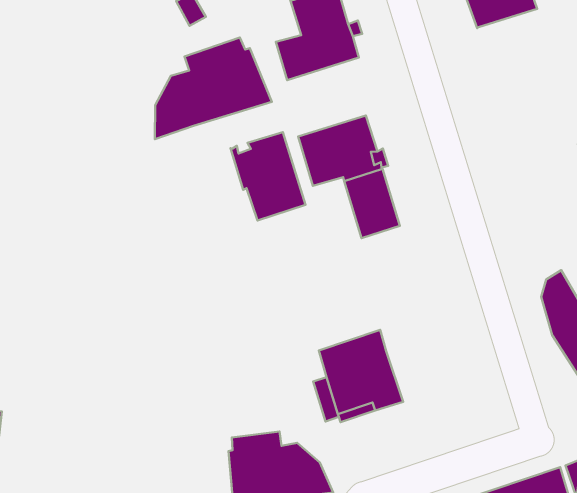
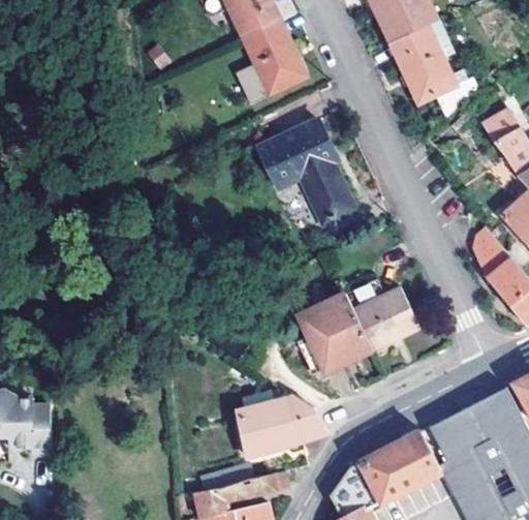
building: none -> [393,17,466,112]
building: [155,38,272,139] -> none
building: [231,132,305,220] -> none
building: none -> [354,290,418,353]

